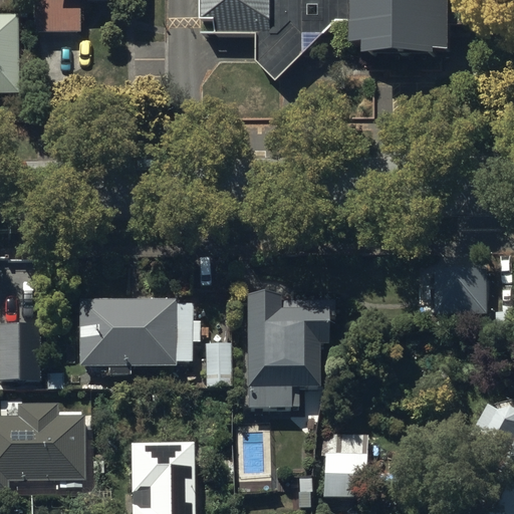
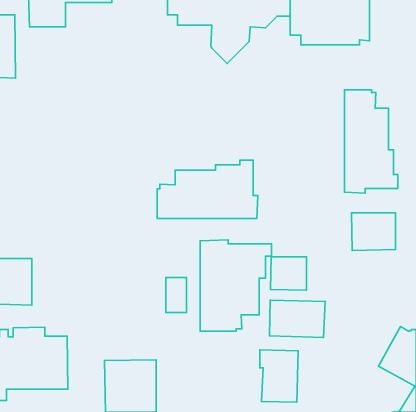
building: none -> [344,90,398,193]
building: none -> [157,160,258,218]
building: [78,298,199,374] -> none
building: none -> [270,257,307,290]
building: none -> [269,300,325,338]

